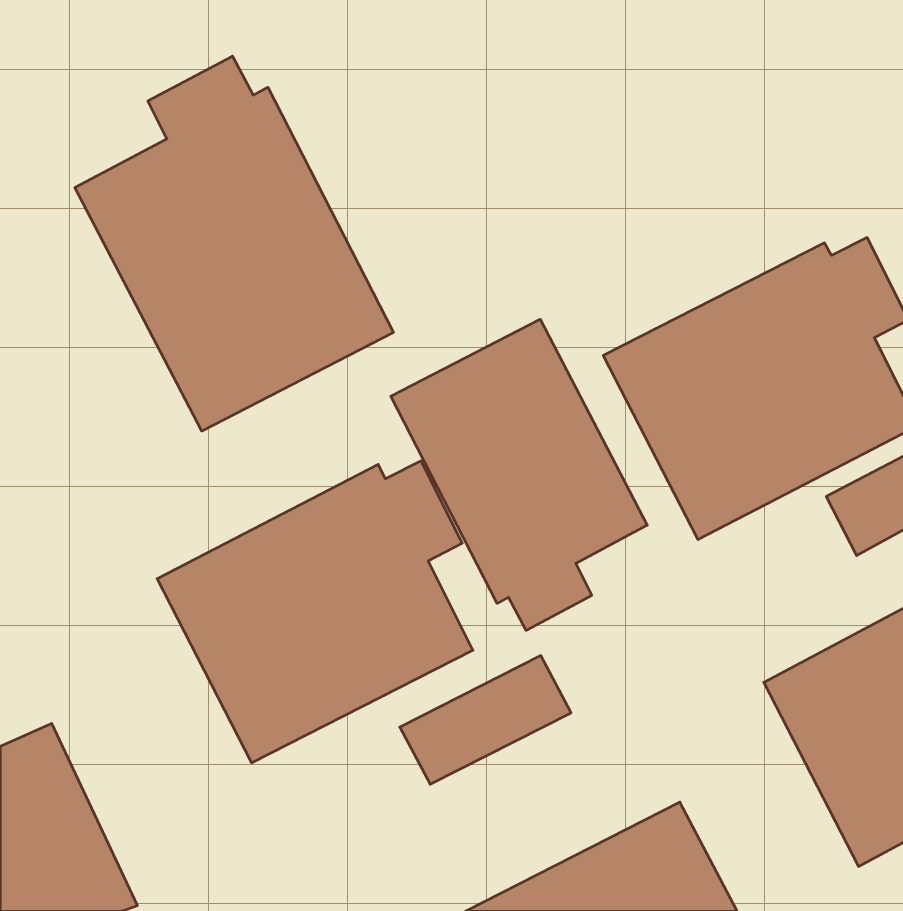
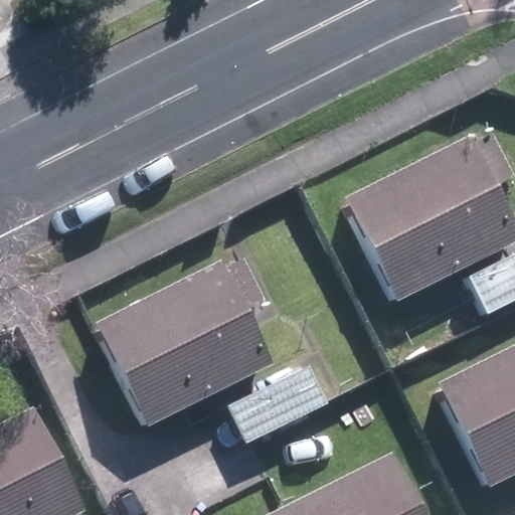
building: [75,56,393,431] -> none
building: [391,319,647,630] -> none

